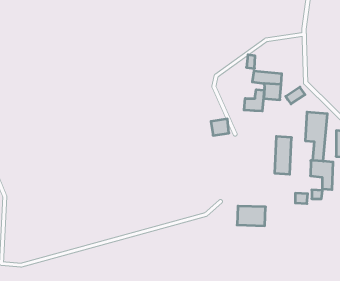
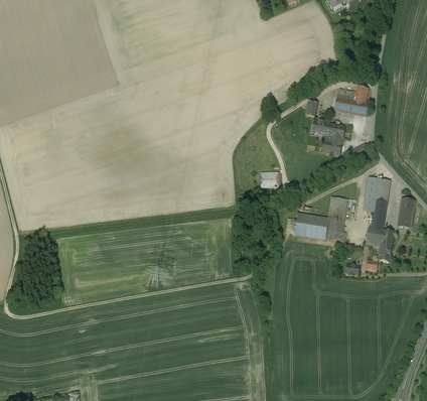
building: none -> [333,86,369,116]
building: [244,90,264,111] -> none
building: [237,206,266,226] -> [293,214,327,239]

